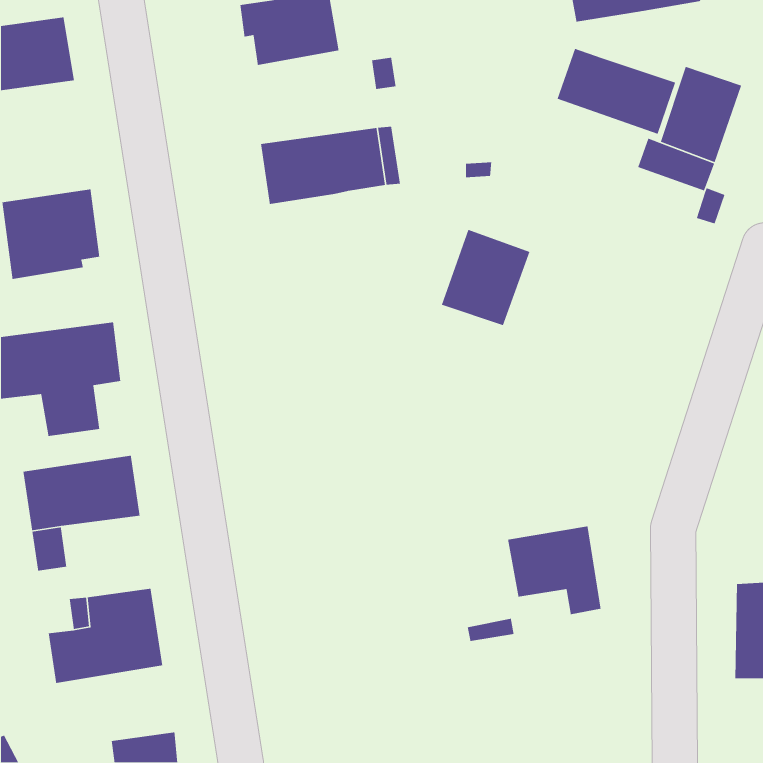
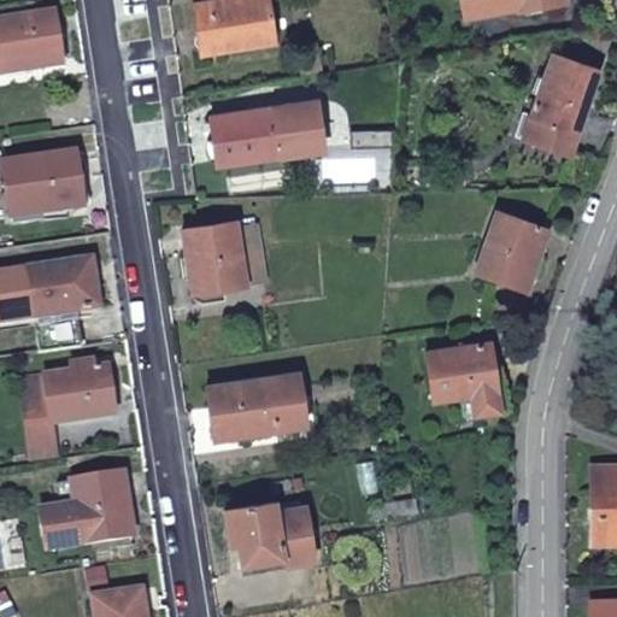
building: [556,48,676,135] -> none
building: [441,229,531,326] -> [476,211,548,289]
building: none -> [183,221,266,293]
building: none -> [207,372,307,434]
building: [507,526,602,615] -> [425,341,501,413]
building: none -> [227,501,316,572]

